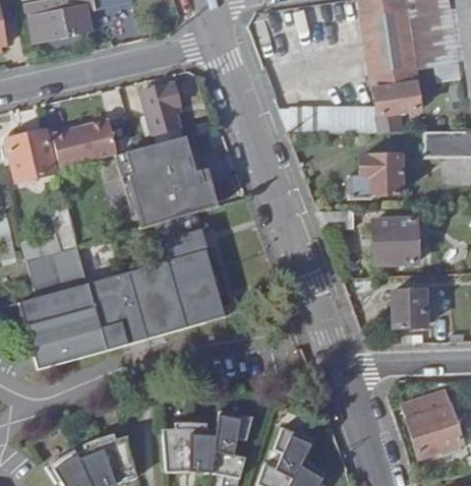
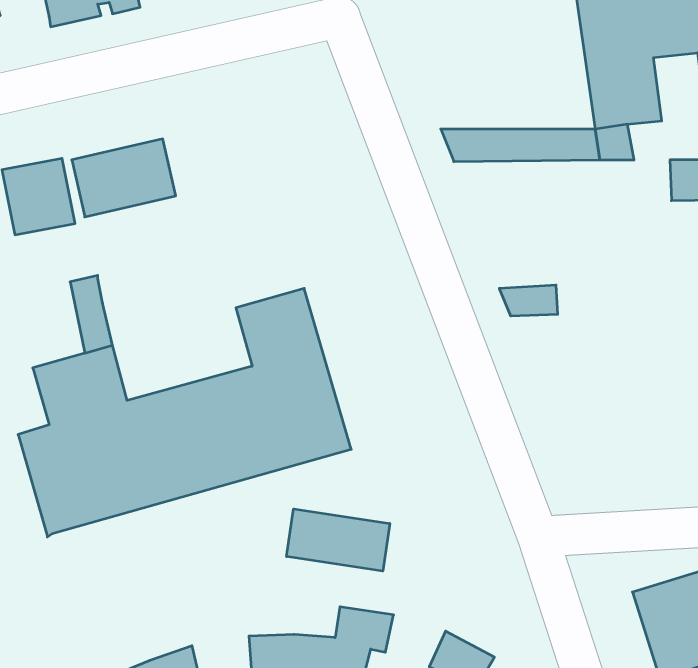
building: [142,82,180,134] -> none
building: [122,135,211,227] -> none
building: [350,158,400,200] -> none
building: [375,219,419,262] -> none
building: [392,289,432,327] -> none
building: none -> [287,509,390,571]

